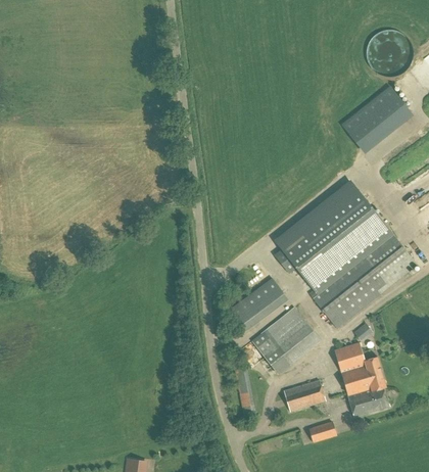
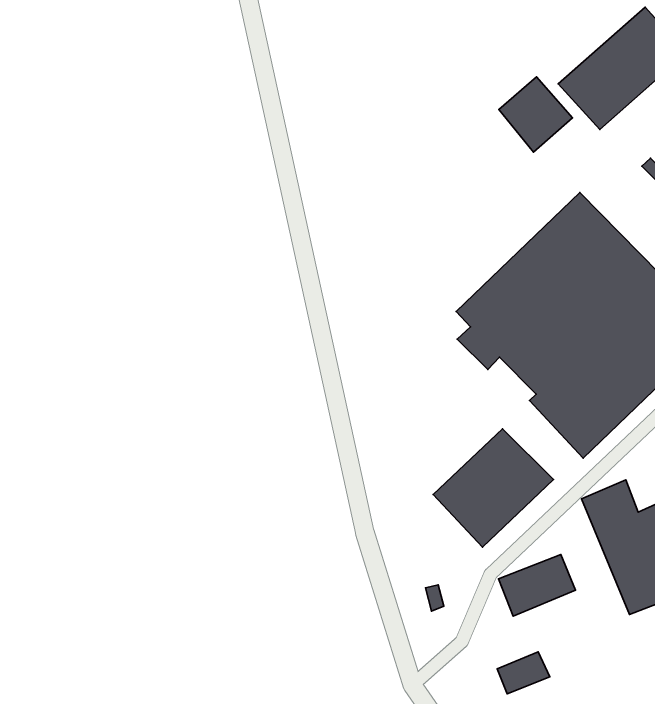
building: none -> [499,77,573,152]
building: [228,277,287,330] -> none
building: [308,421,337,442] -> [497,652,550,694]

